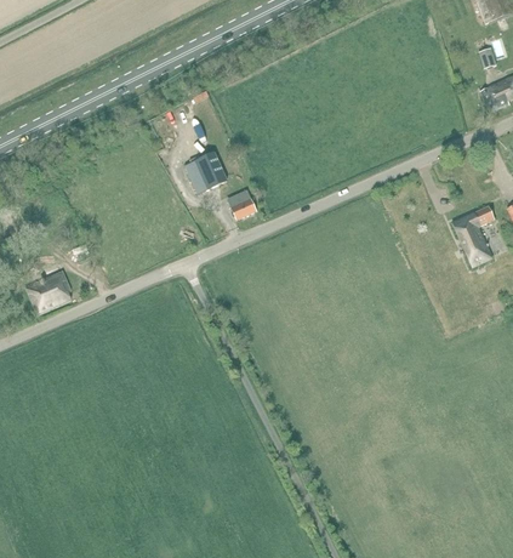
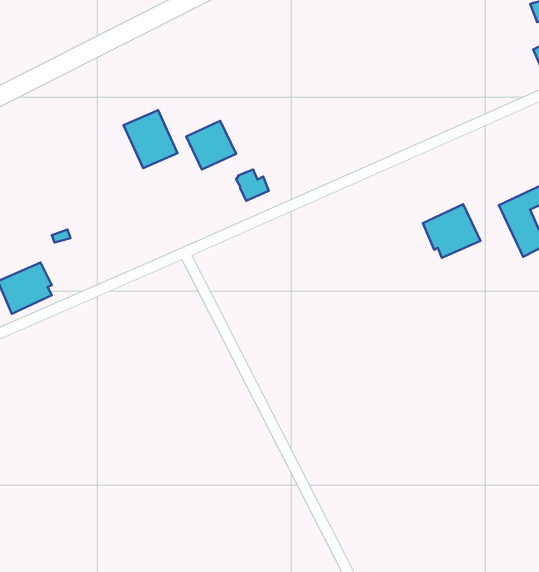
building: none -> [124,110,178,168]
building: none -> [423,204,480,258]

